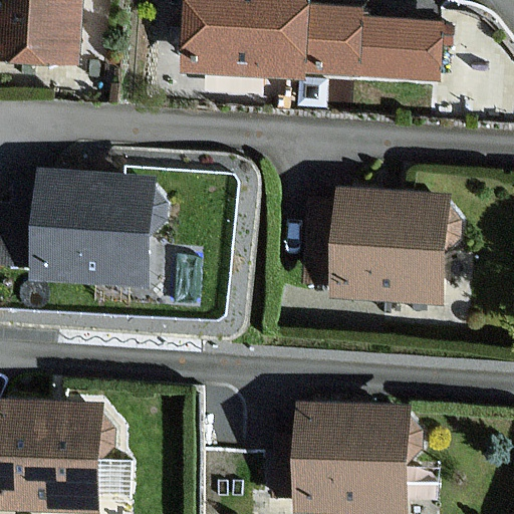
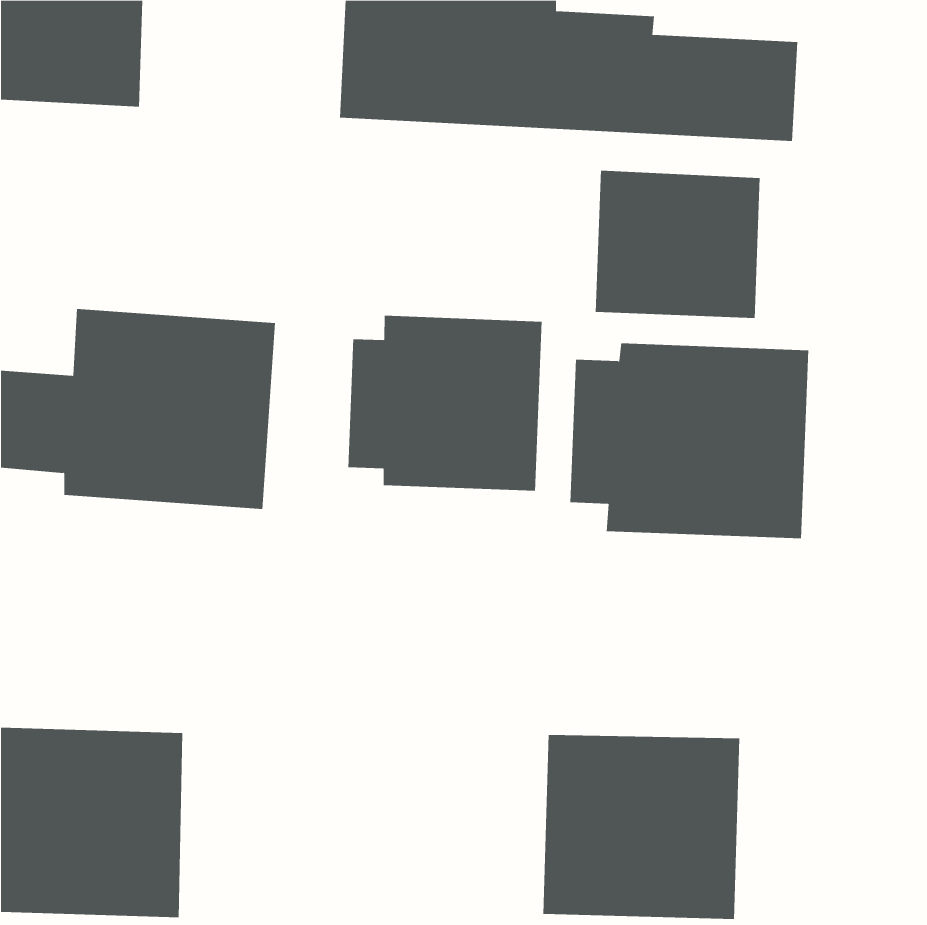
building: none -> [595,170,760,319]
building: none -> [348,315,542,492]

